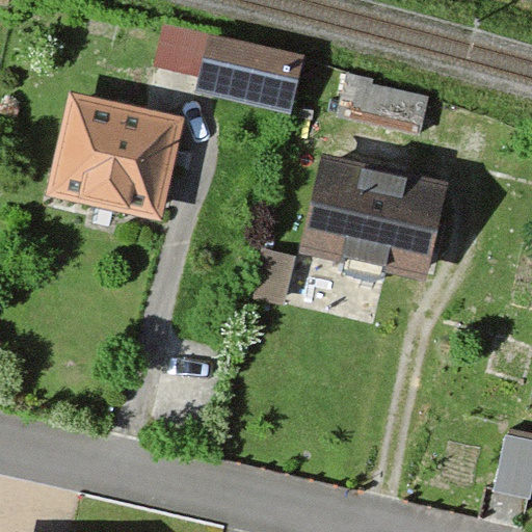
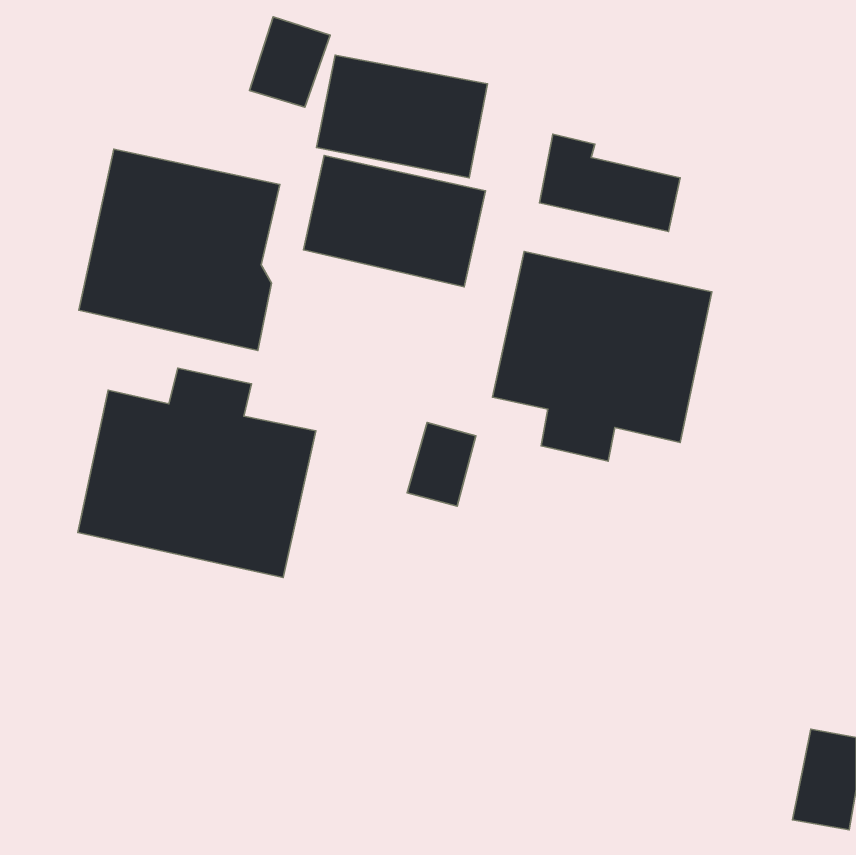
building: none -> [304,155,485,287]
building: none -> [78,368,316,578]

